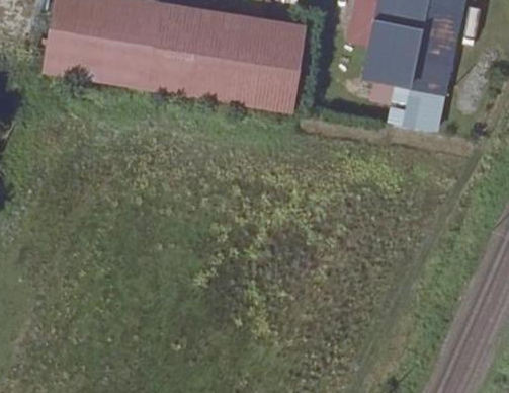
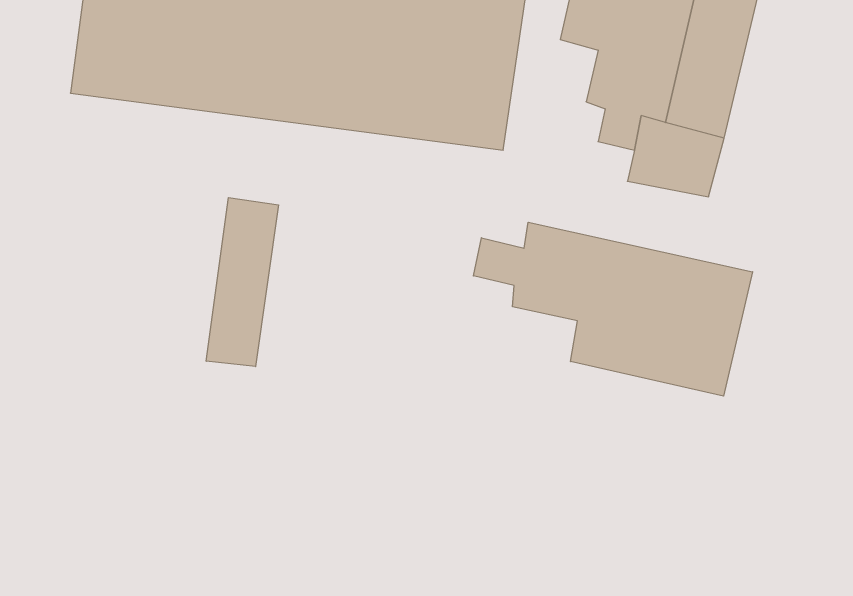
building: none -> [206,198,278,367]
building: none -> [473,222,753,396]

